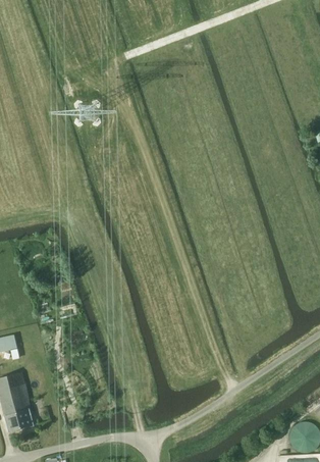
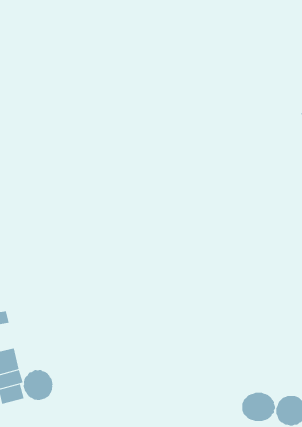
building: none -> [23,369,53,401]
building: none -> [242,392,276,422]

